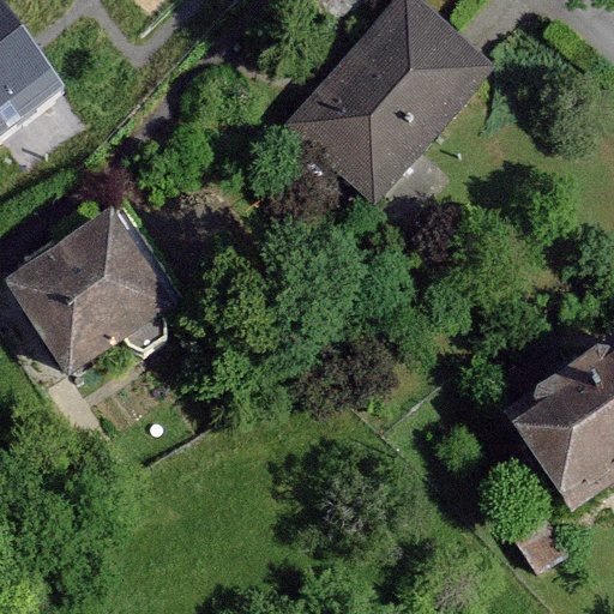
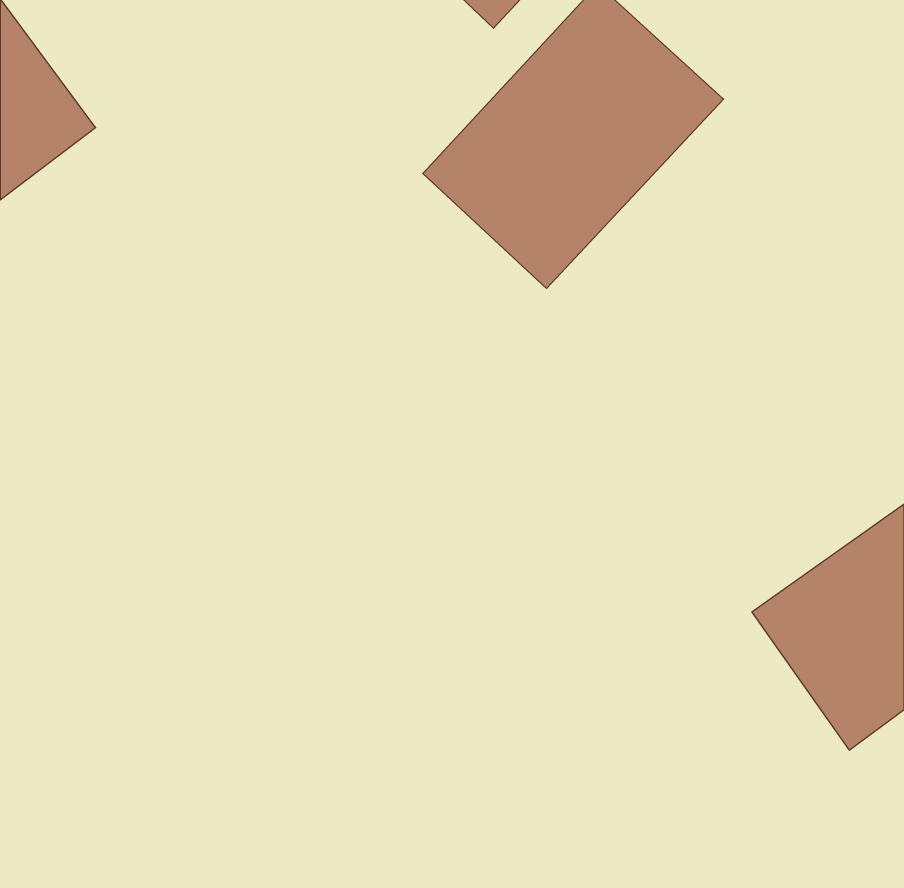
building: [7,212,170,372] -> none

